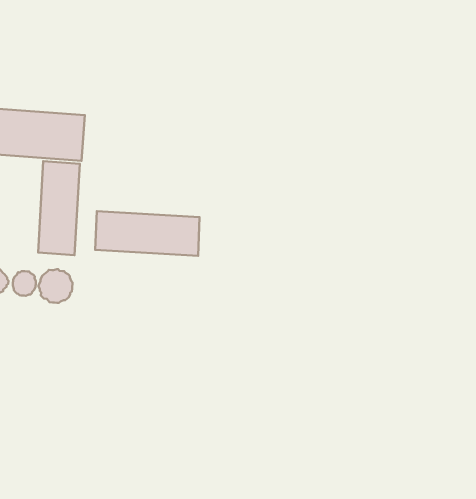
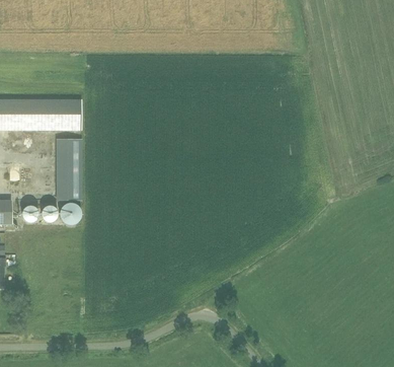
building: [95,211,200,256] -> none

